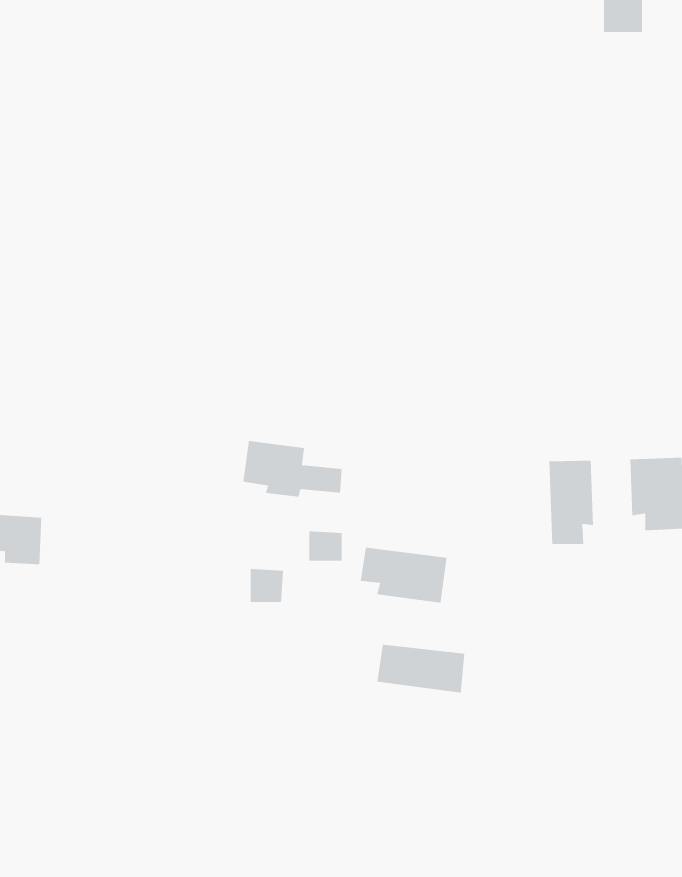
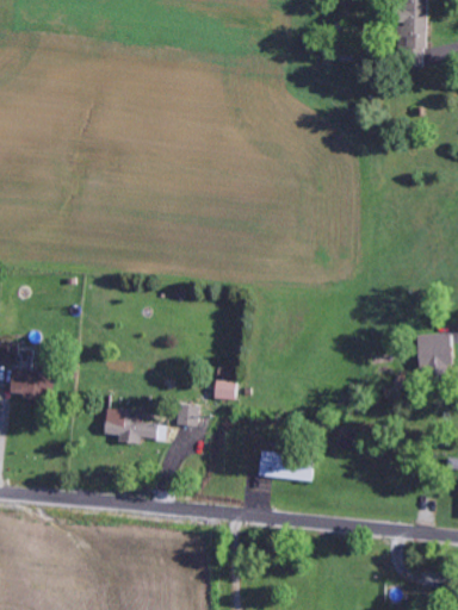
building: [242,440,343,497] -> [104,406,167,442]
building: [549,460,594,545] -> none
building: [360,547,447,604] -> none

